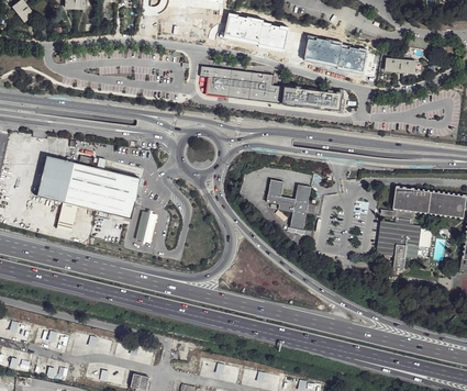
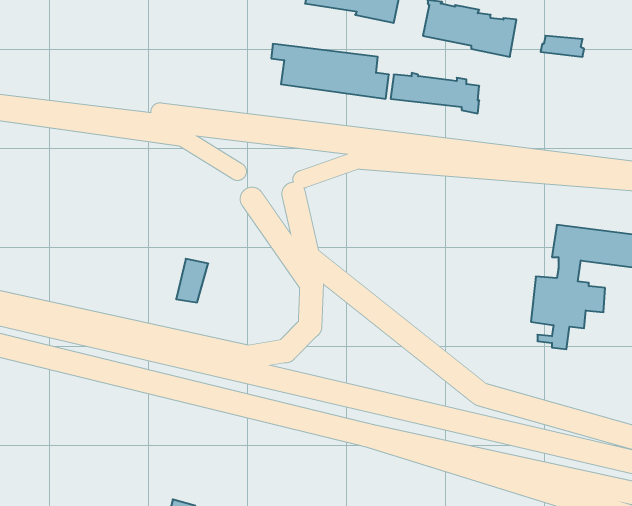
building: [37,153,141,231] -> none
building: [267,178,313,228] -> none

